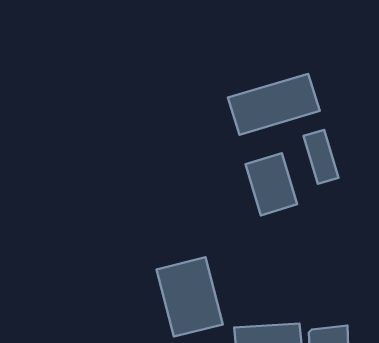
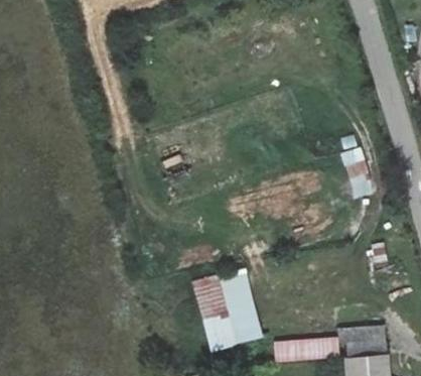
building: [228,74,320,135] -> none
building: [246,153,297,215] -> none

